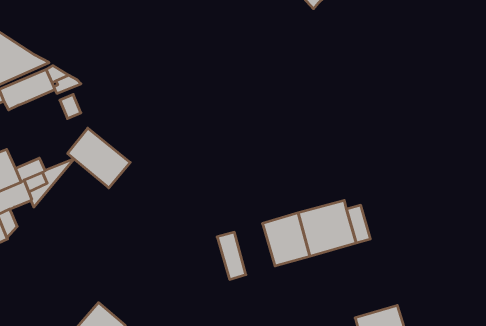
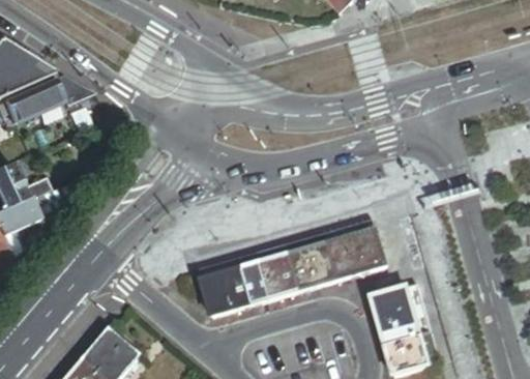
building: [68,128,130,188] -> none
building: none -> [253,246,296,301]
building: none -> [195,261,247,318]
building: none -> [367,286,428,348]

